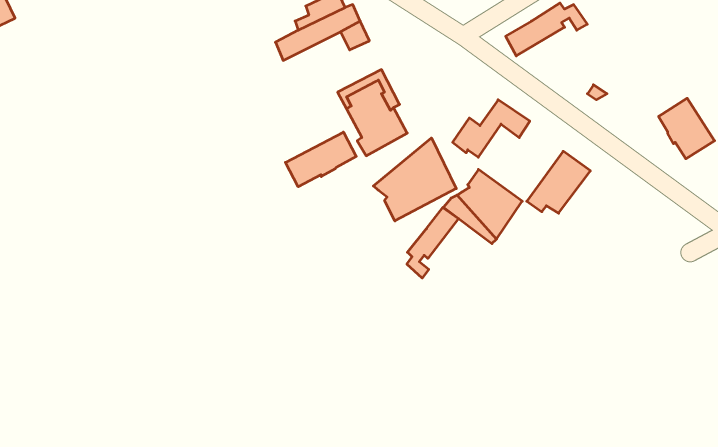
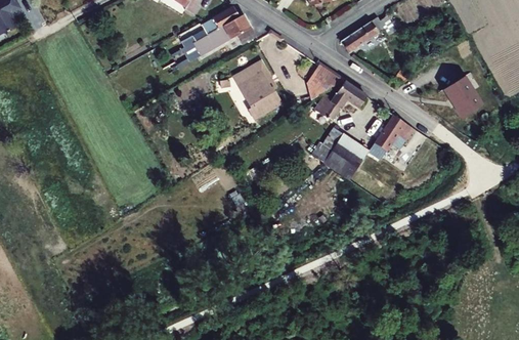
building: none -> [302,63,338,91]
building: [285,132,356,187] -> none
building: [373,138,456,221] -> none
building: [407,207,459,278] -> none

